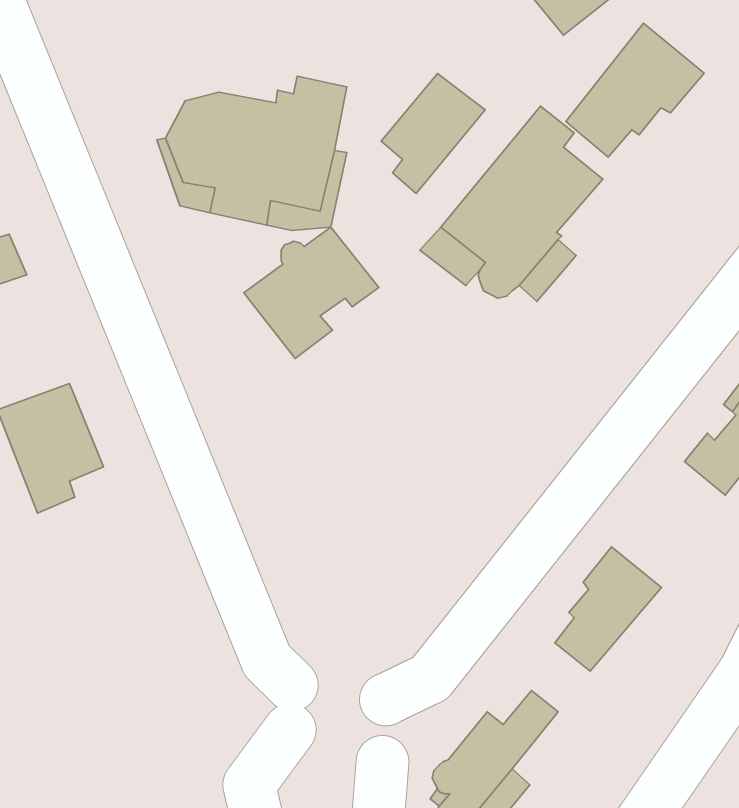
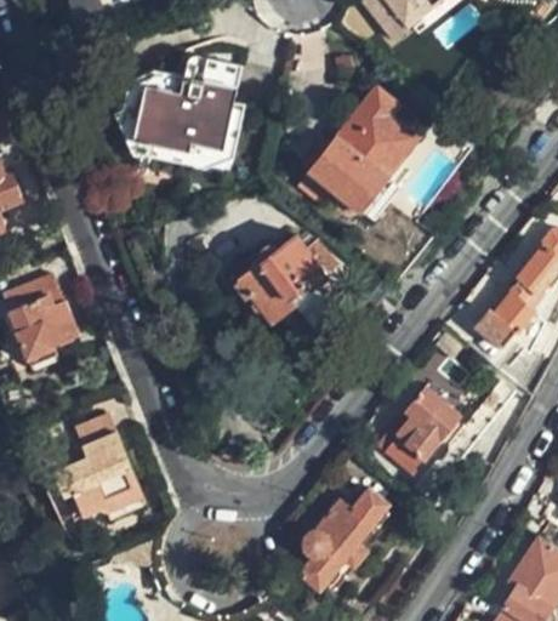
building: [566,23,704,157] -> none
building: [381,73,485,193] -> none
building: [244,227,379,358] -> [238,232,330,321]
building: none -> [50,414,146,532]

